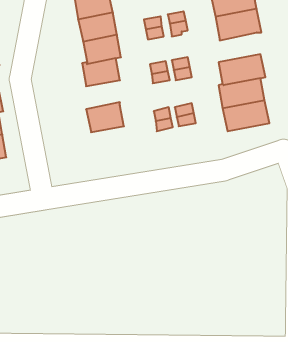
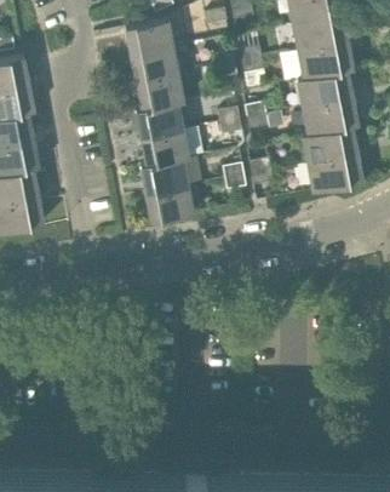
building: none -> [297,73,352,109]
building: none -> [140,130,202,165]
building: none -> [147,187,193,223]

